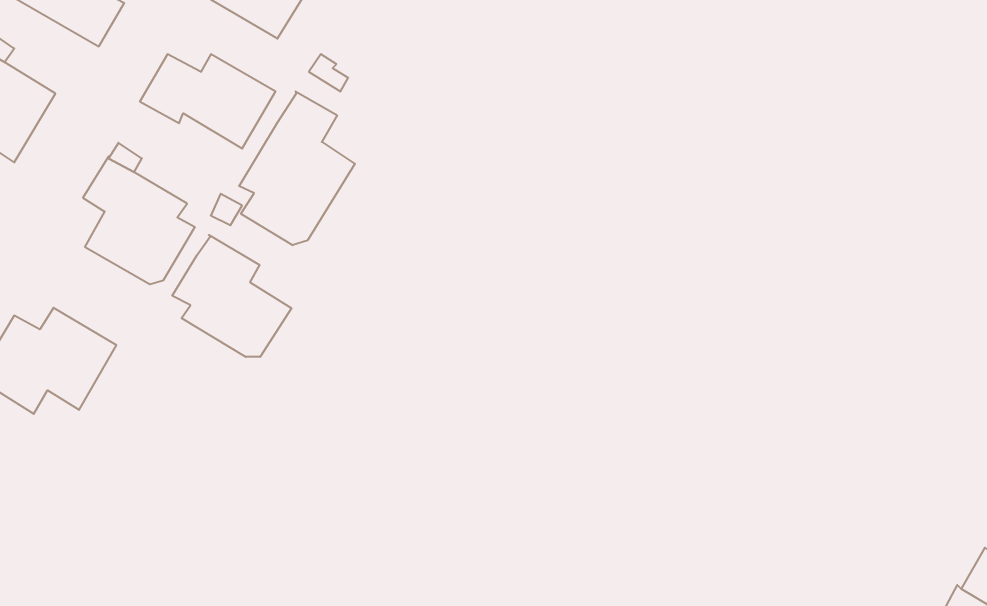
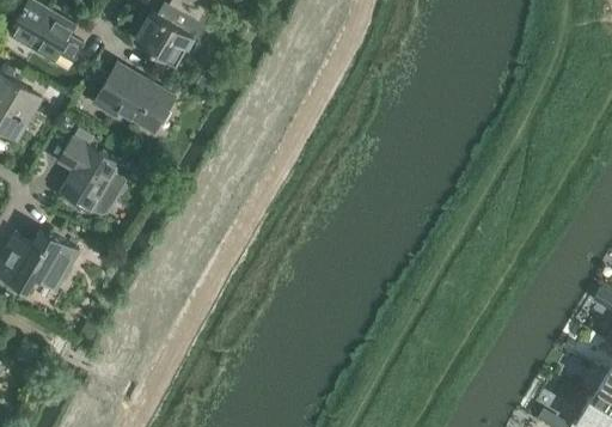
building: [239,91,355,245] -> none
building: [172,235,291,357] -> none

